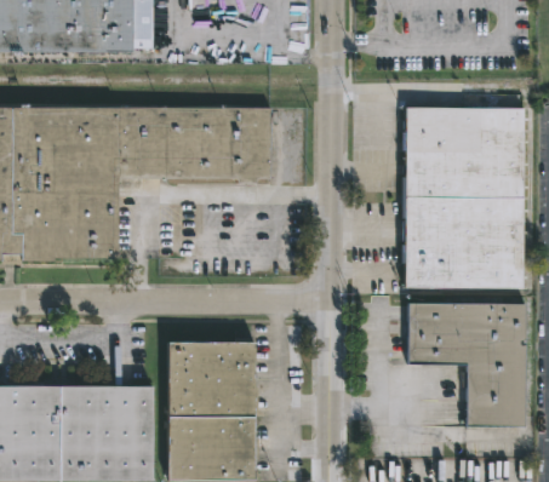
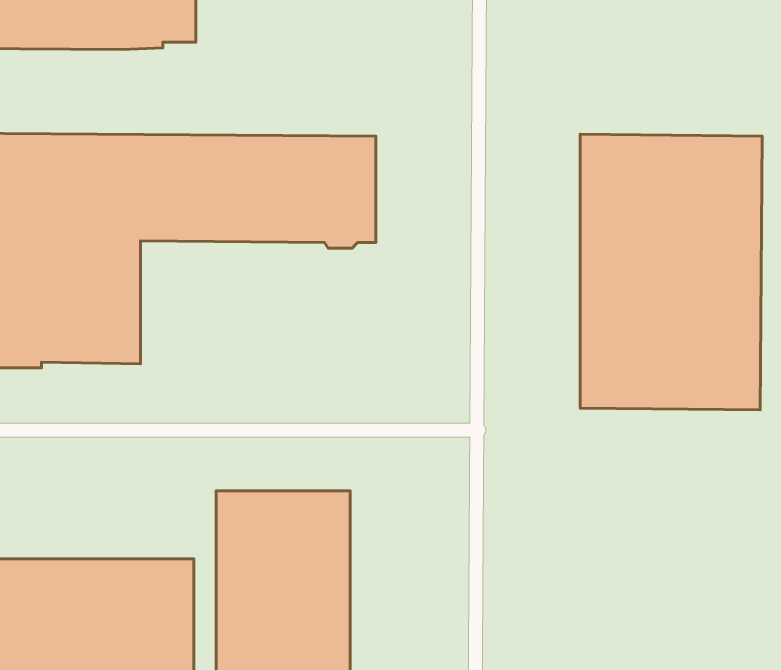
building: [408,304,527,428] -> none

